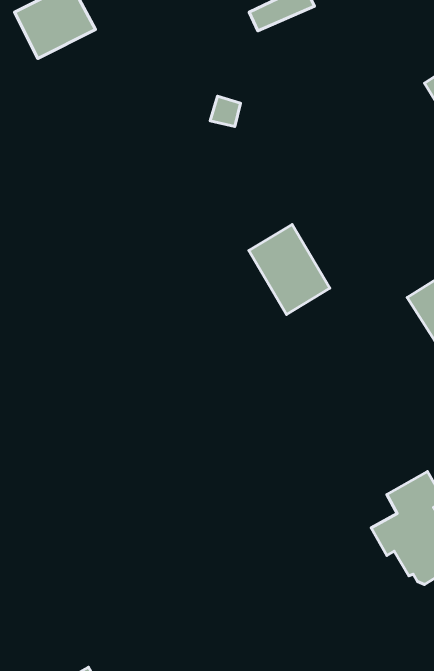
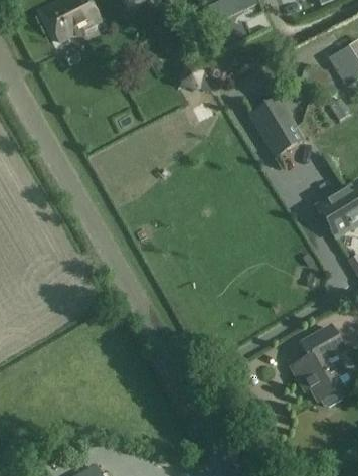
building: [249,225,330,314] -> [249,96,306,158]

